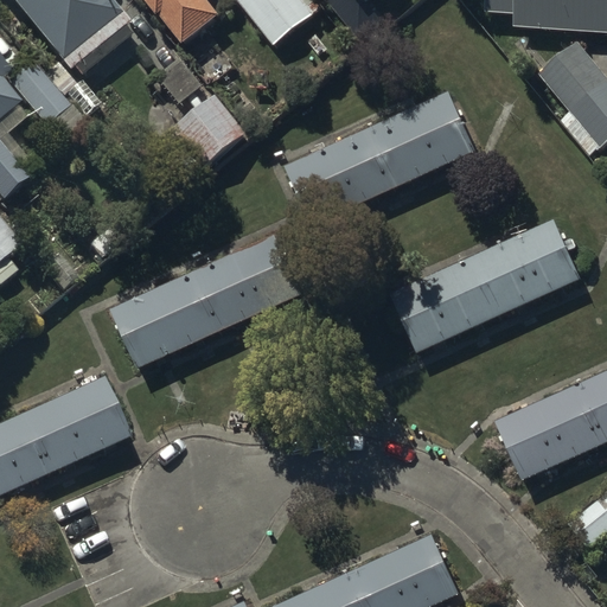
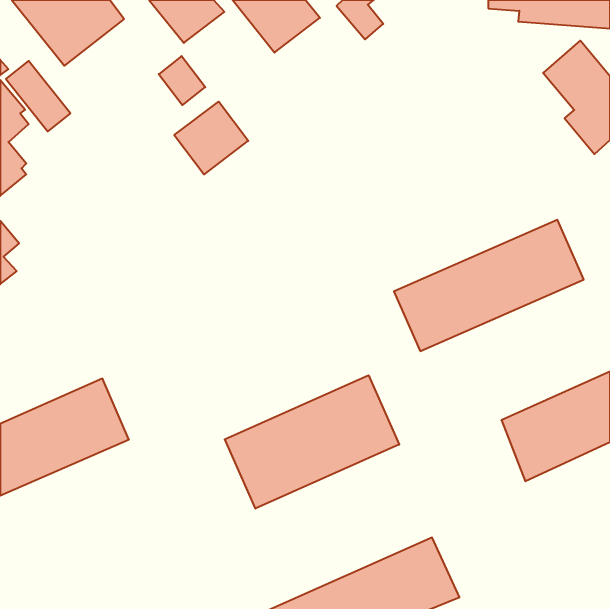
building: [286,91,475,222] -> none
building: [111,234,302,368] -> none
building: none -> [225,375,399,509]

